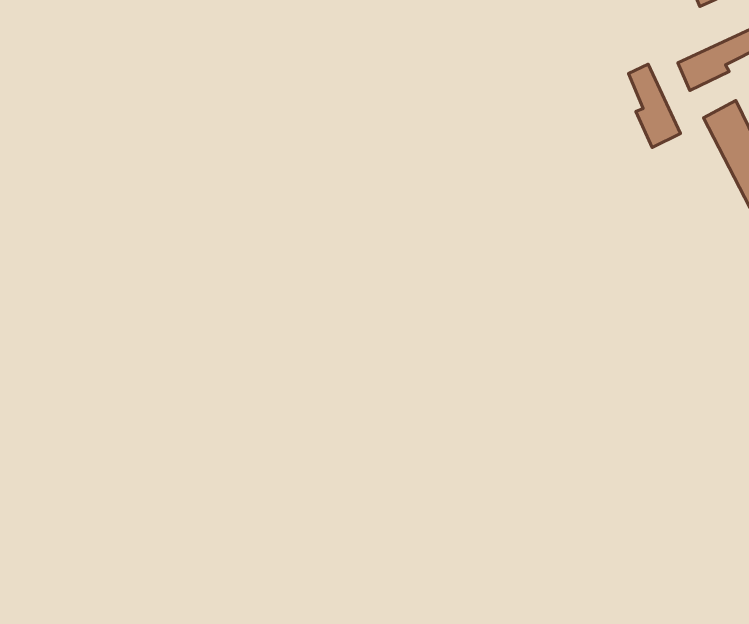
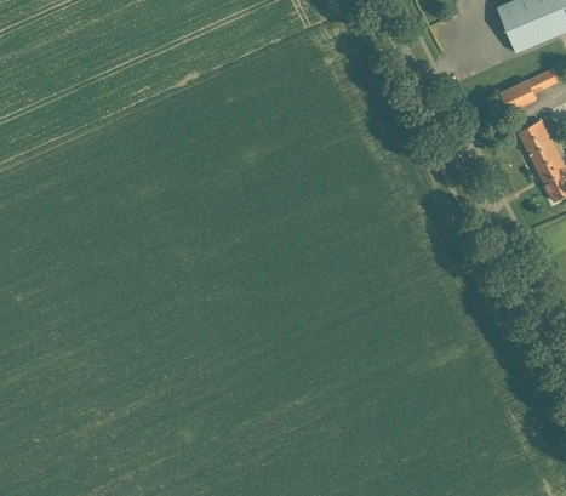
building: [628,64,680,147] -> none

